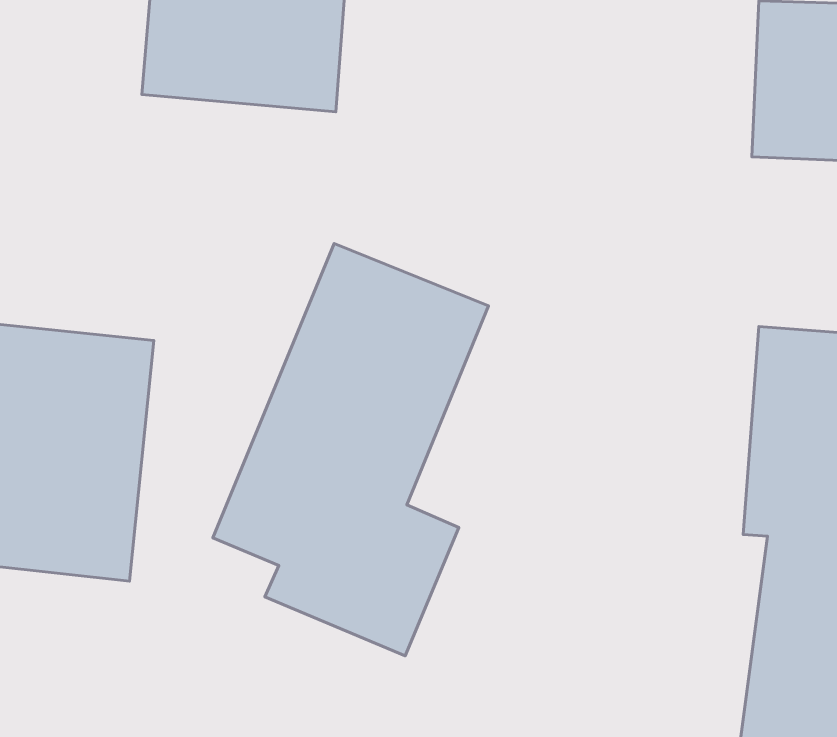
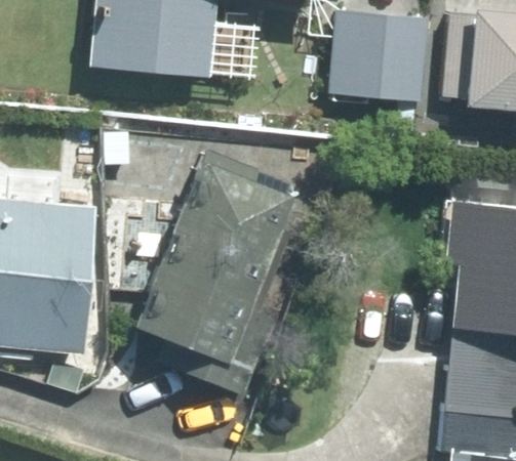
building: none -> [329,14,429,98]

